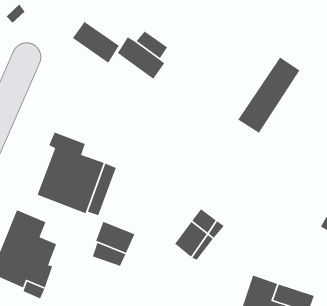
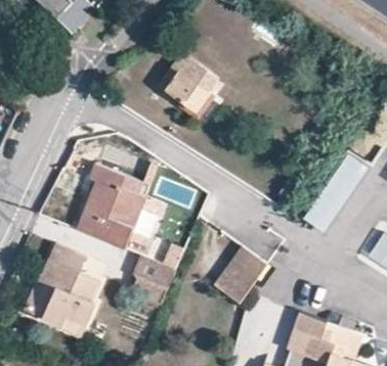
building: [72,20,120,64] -> none
building: [237,56,301,134] -> [304,153,370,233]

